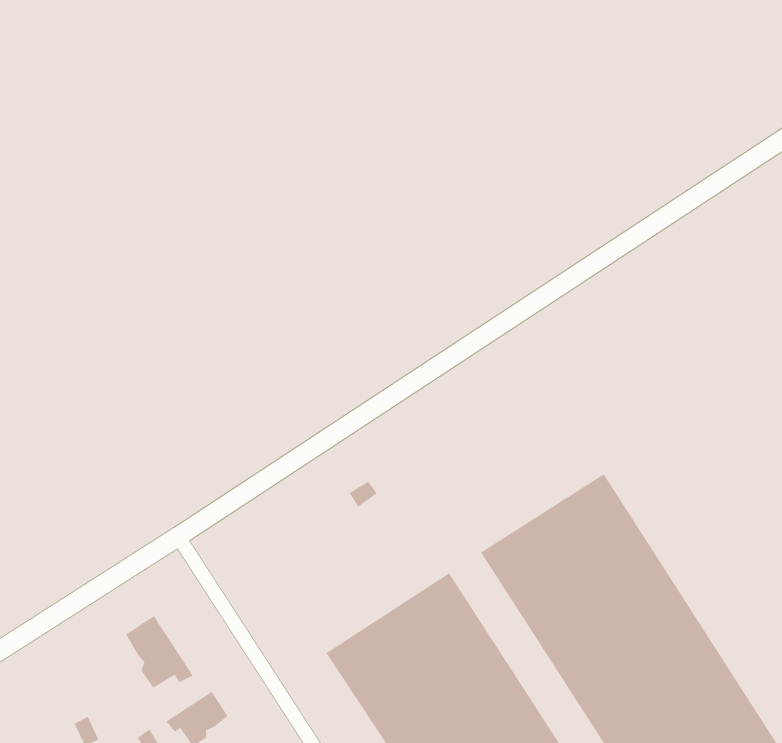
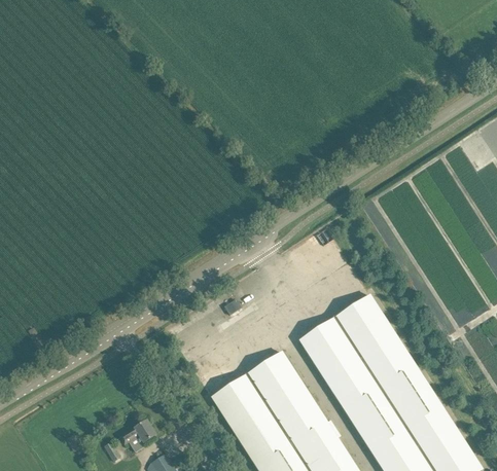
building: [126,615,194,689] -> none

